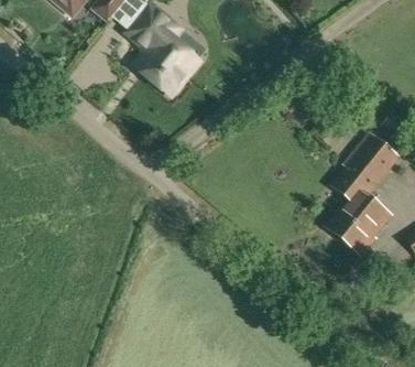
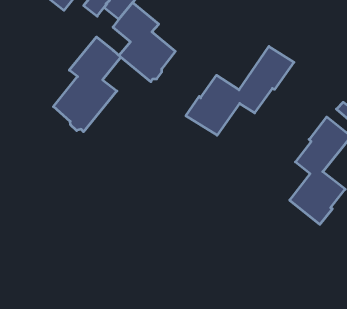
building: none -> [53,37,121,132]
building: none -> [186,46,294,135]

